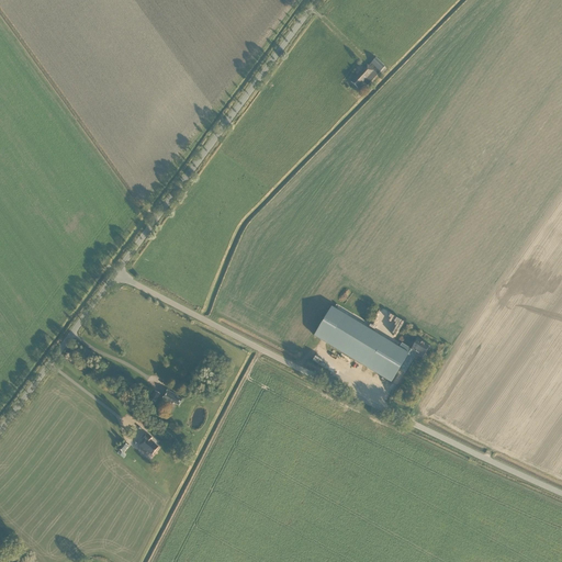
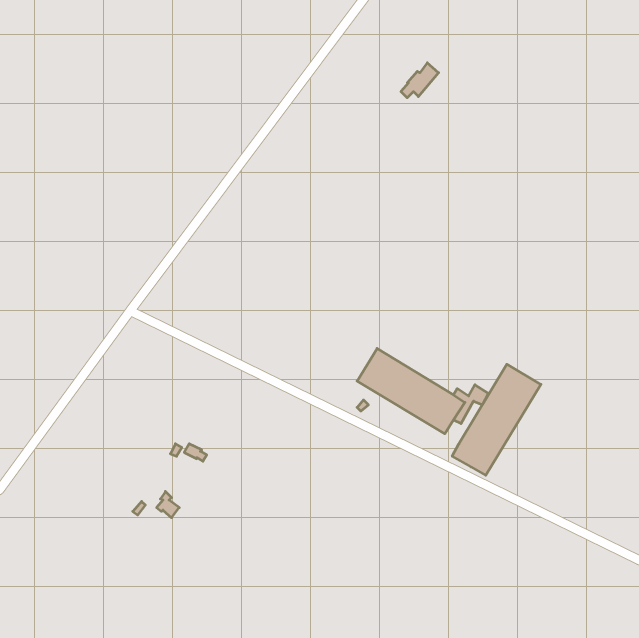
building: none -> [452,364,541,475]

